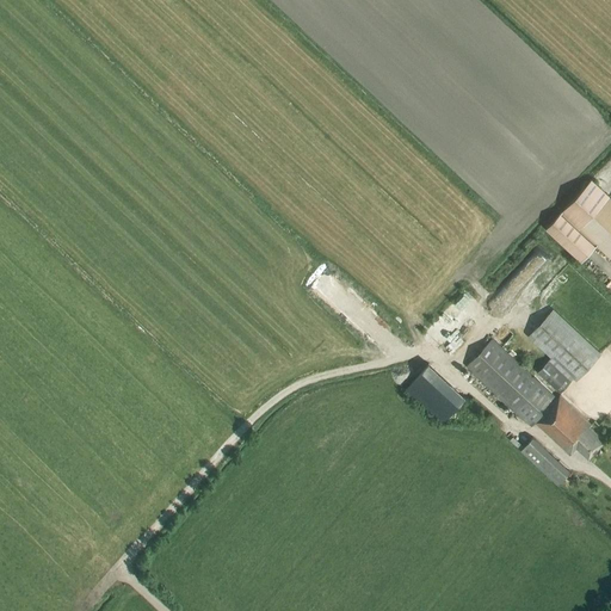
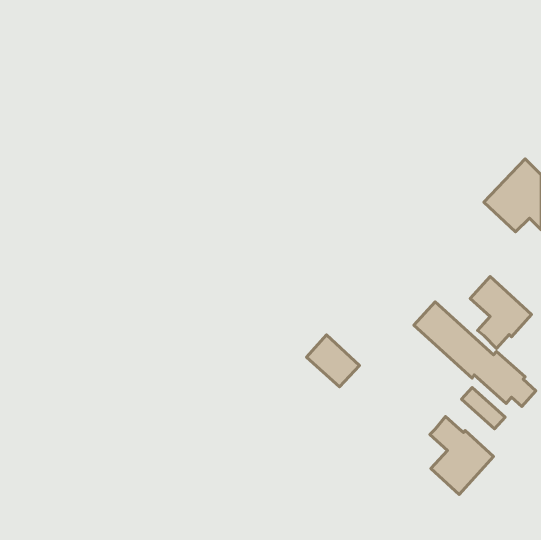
building: [406,364,465,422] -> [307,335,359,387]
building: none -> [430,416,493,494]

